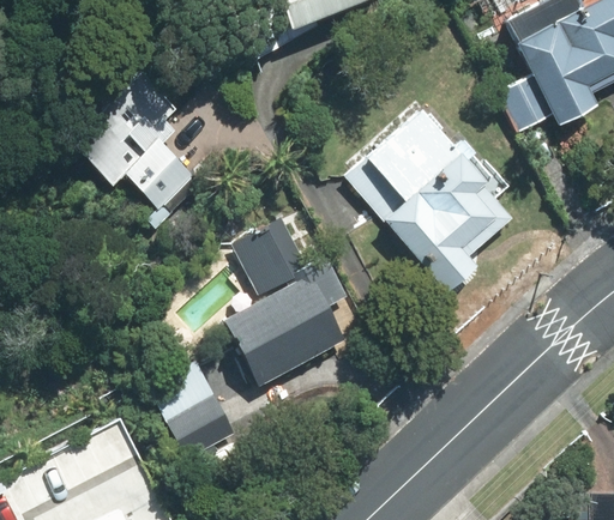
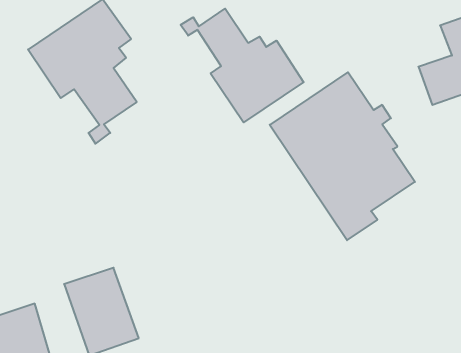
building: none -> [181,9,304,122]
building: [222,219,349,388] -> none

